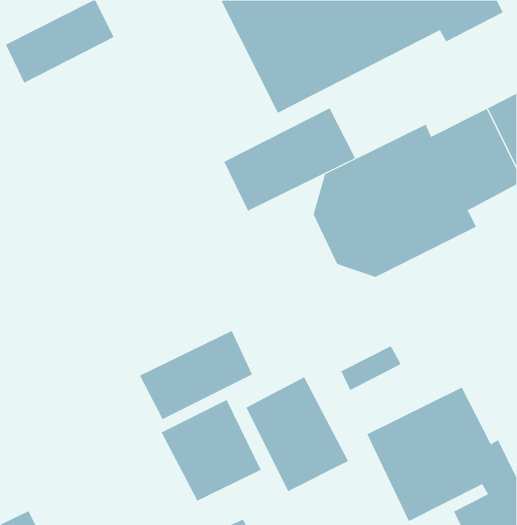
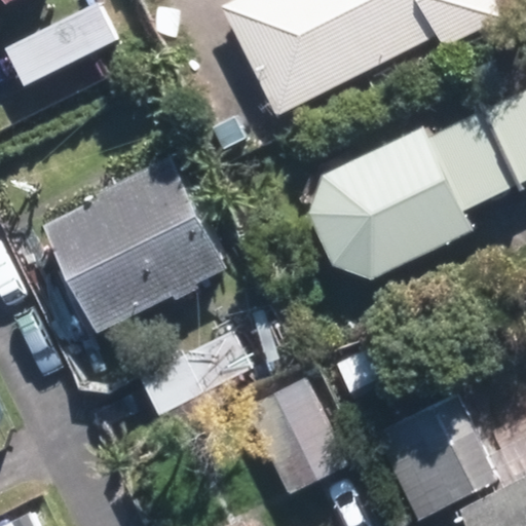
building: [223,108,356,211] -> none
building: none -> [43,155,227,332]
building: [161,399,262,501] -> none

